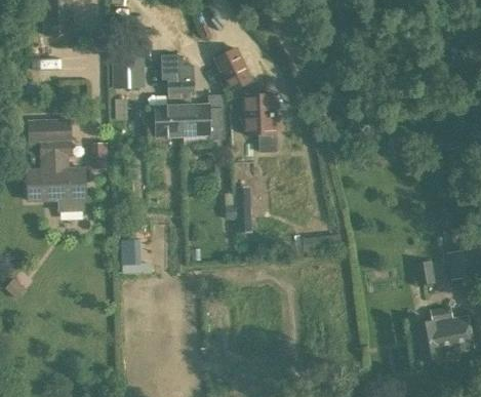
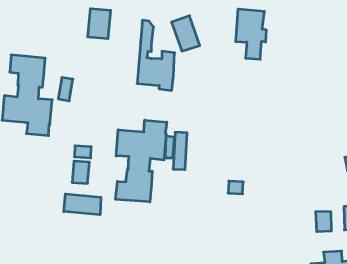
building: [155,54,183,137] -> none
building: [243,94,281,153] -> [236,9,266,59]
building: none -> [116,120,167,202]
building: none -> [64,194,101,215]

